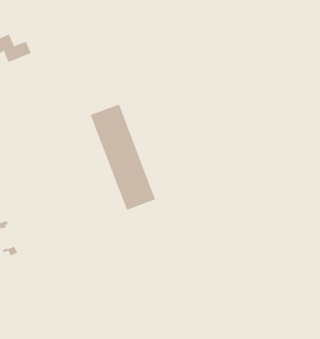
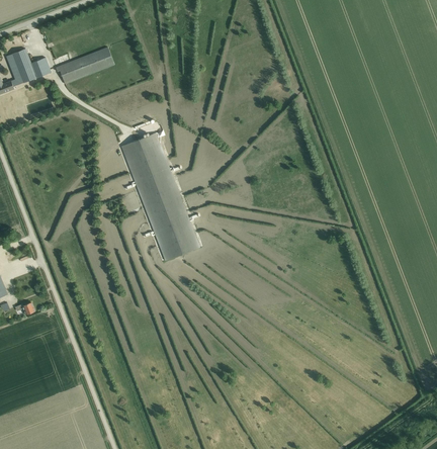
building: none -> [55,48,113,84]

